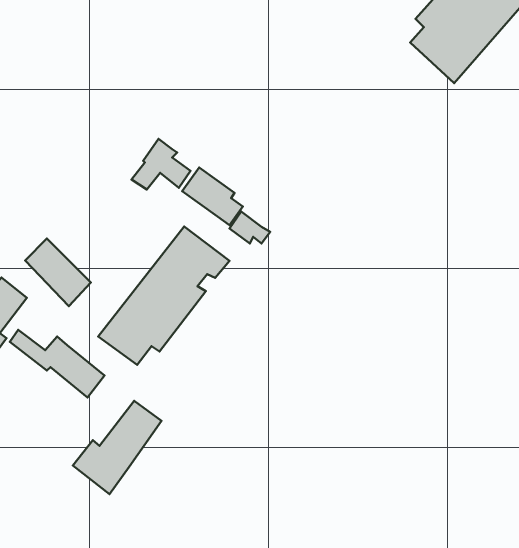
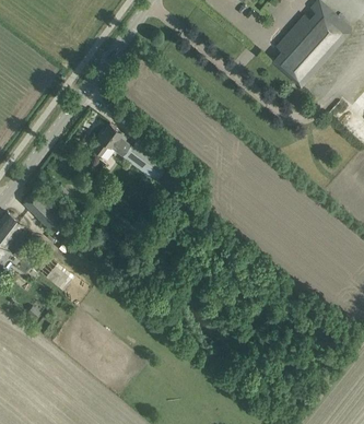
building: [98,227,230,365] -> none
building: [73,401,162,494] -> none

